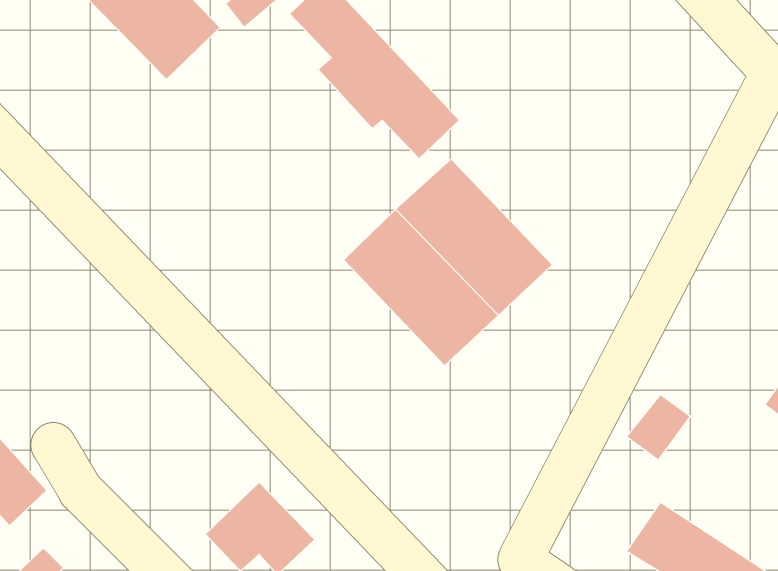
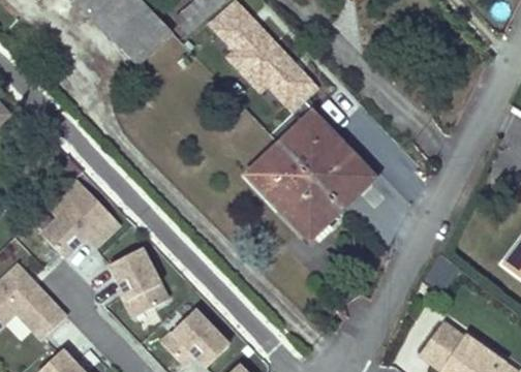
building: none -> [41,178,120,257]
building: none -> [110,248,167,315]

